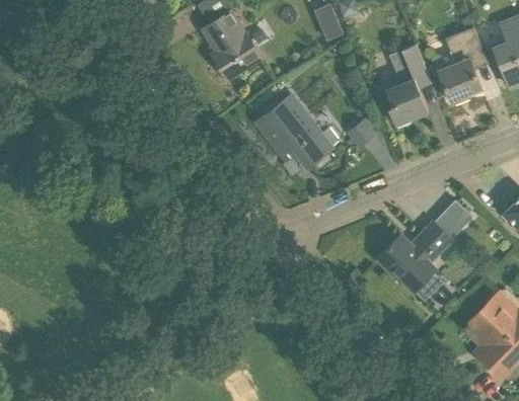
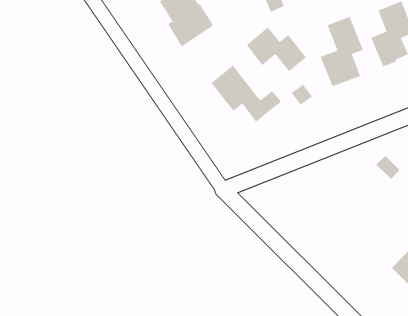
building: none -> [246,27,307,72]
building: [379,222,452,292] -> none

